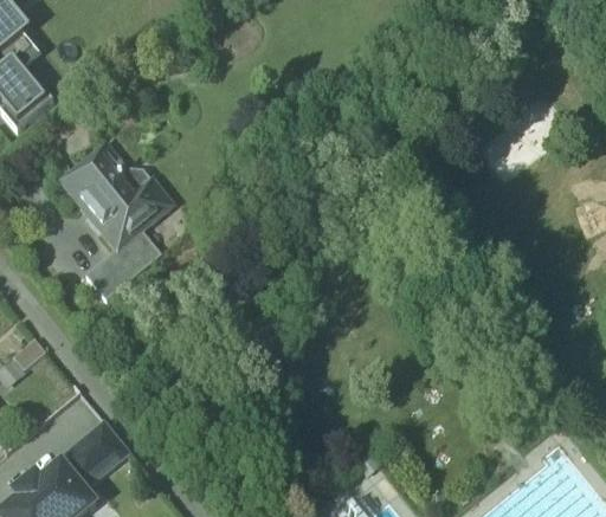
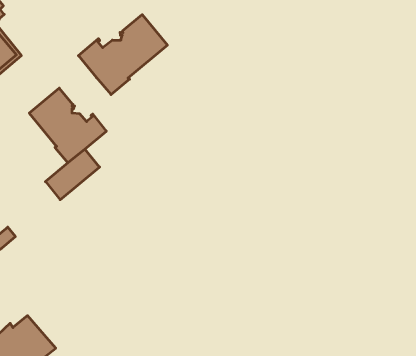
building: none -> [78,15,167,95]
building: [62,425,125,485] -> none

